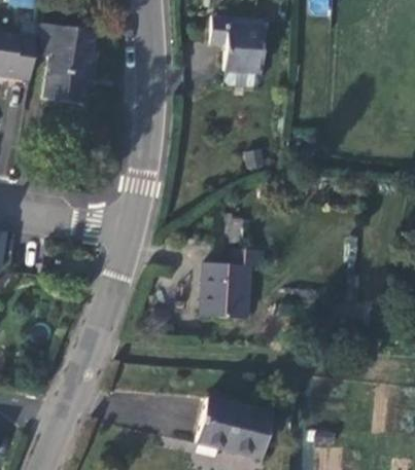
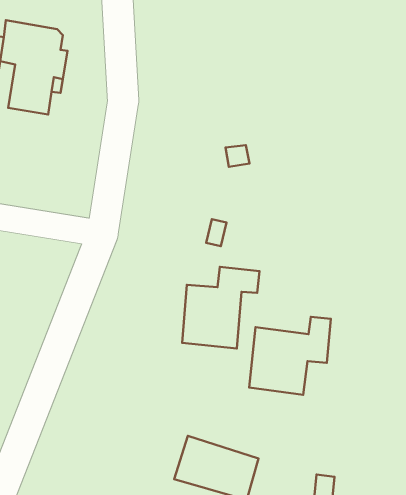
building: [217,22,269,87] -> none
building: none -> [249,317,331,395]

